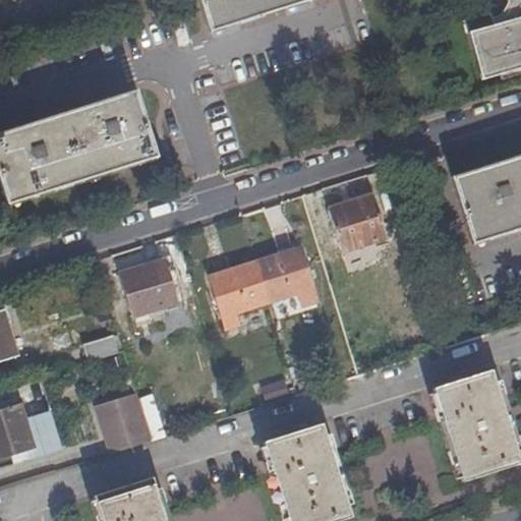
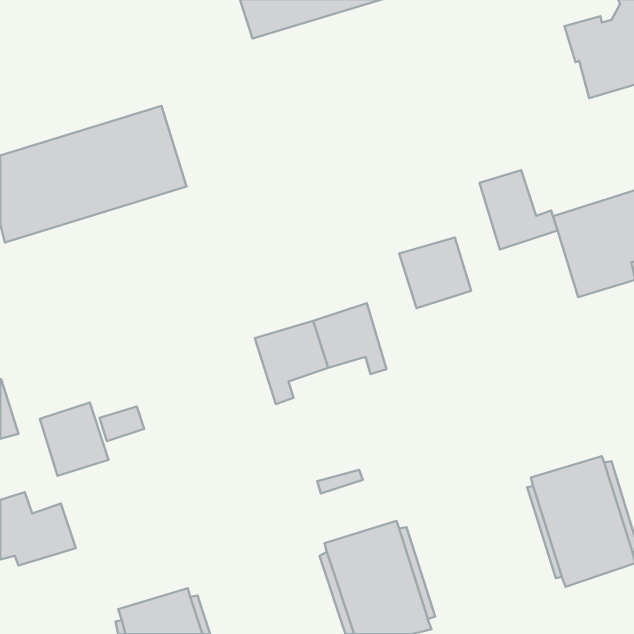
building: none -> [479,170,558,250]
building: [121,259,178,316] -> none
building: [97,392,153,452] -> [40,403,108,476]

